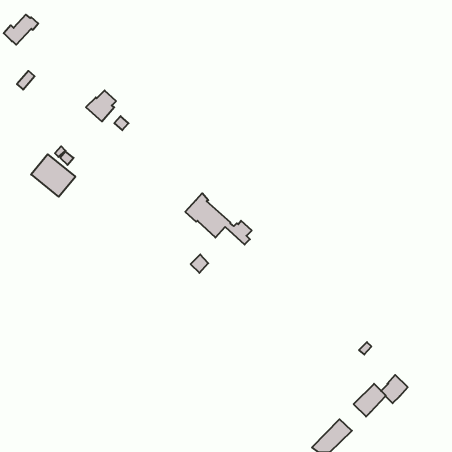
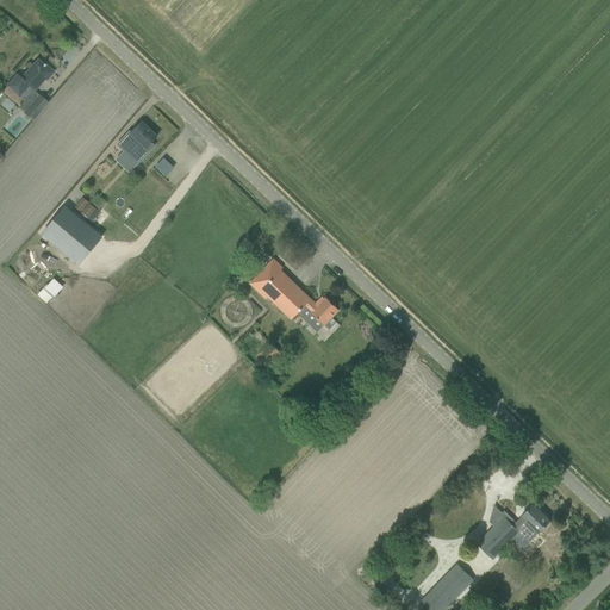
building: [4,15,38,45] -> [6,60,52,100]

